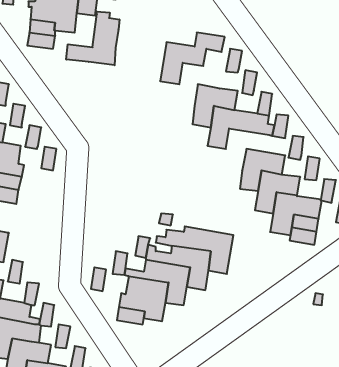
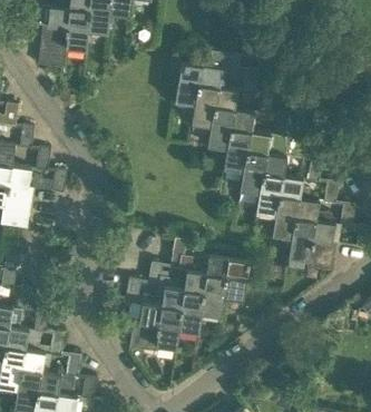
building: [66,11,119,65] -> none
building: none -> [189,85,236,129]
building: none -> [237,153,285,196]

